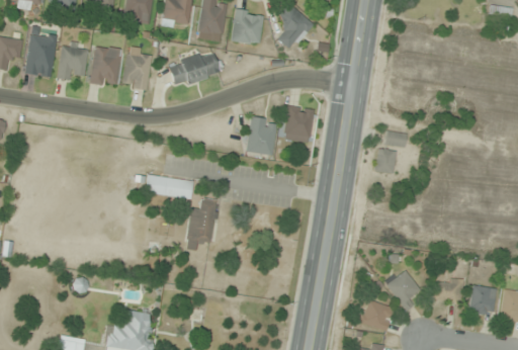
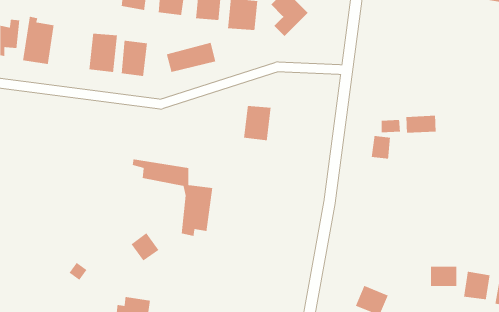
building: [59,42,88,80] -> none
building: [285,107,313,141] -> none
building: none -> [405,115,437,134]
building: none -> [130,232,160,262]
building: [386,269,424,310] -> none

